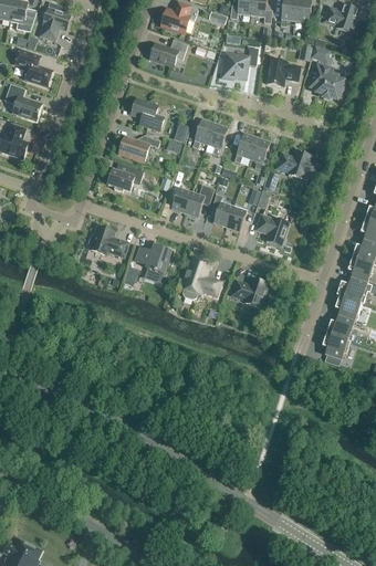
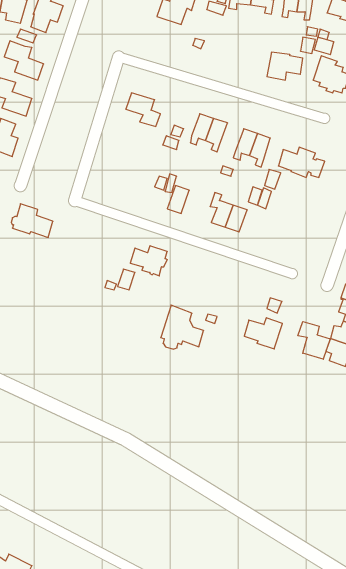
building: [149,39,187,66] -> none
building: [221,46,258,78] -> none
building: [117,135,159,161] -> none
building: [107,166,143,192] -> none
building: [184,185,213,218] -> none
building: [255,214,289,245] -> none
building: [88,226,128,258] -> [11,204,53,237]
building: [180,256,221,298] -> [161,305,204,349]
building: [231,277,268,307] -> [244,318,282,349]
building: none -> [298,322,330,359]

